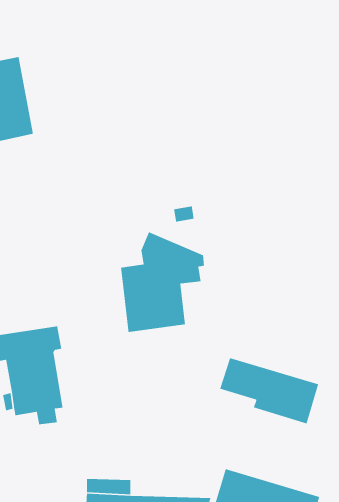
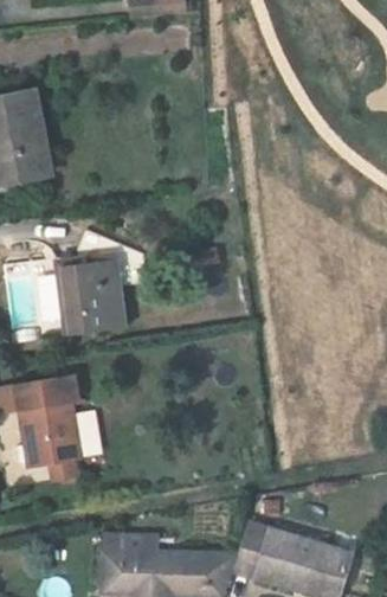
building: [120,231,205,333] -> [57,230,146,336]
building: [219,357,319,424] -> none

